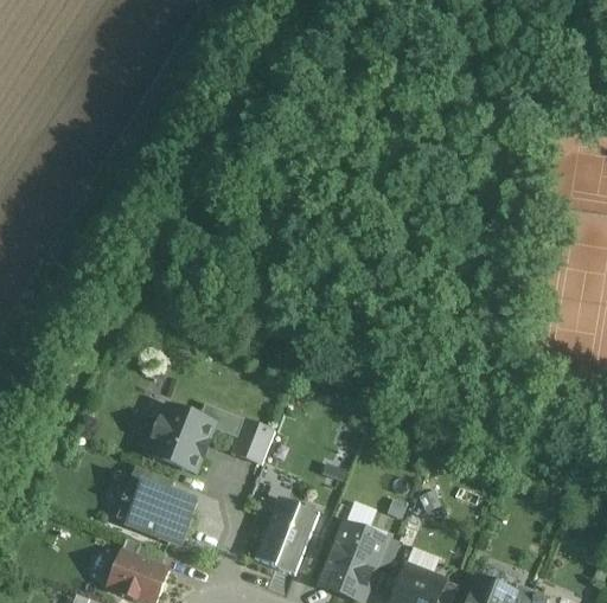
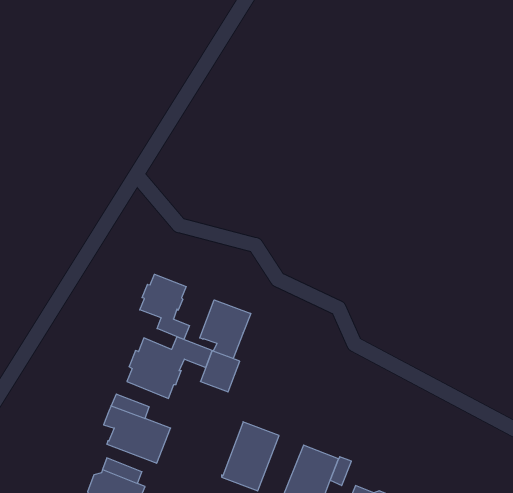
building: none -> [140,274,190,339]
building: none -> [200,300,251,358]

